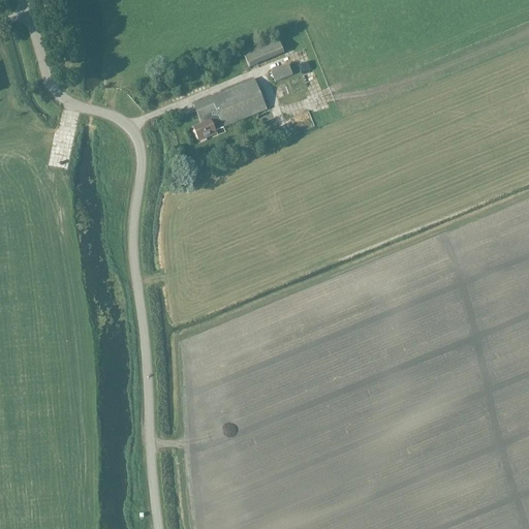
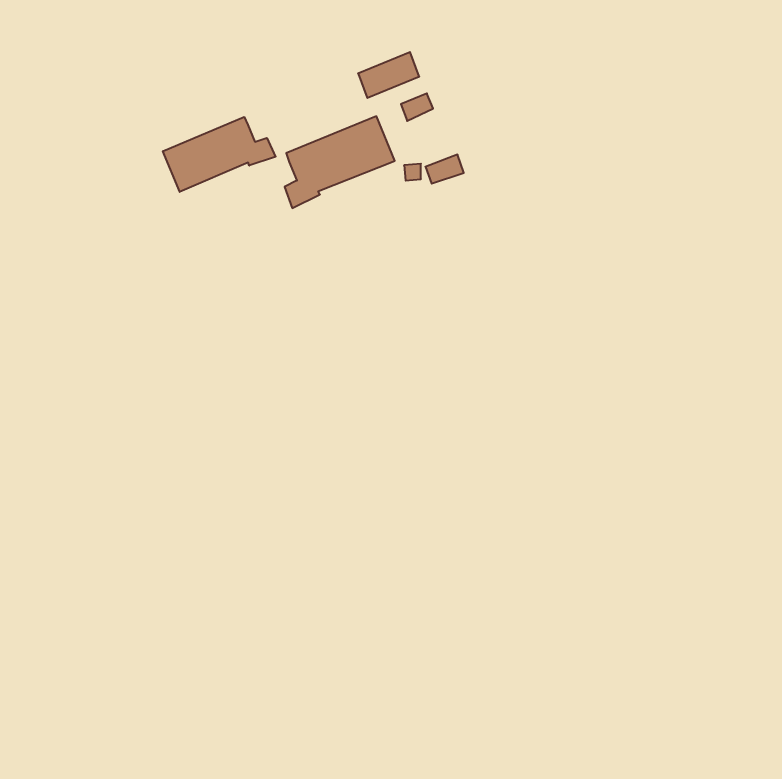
building: none -> [163,117,276,192]

